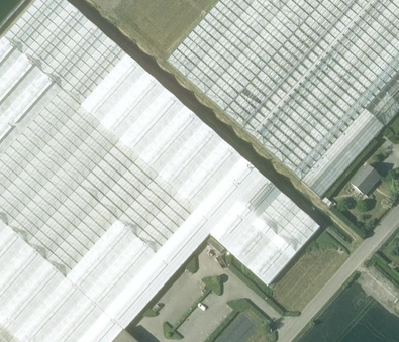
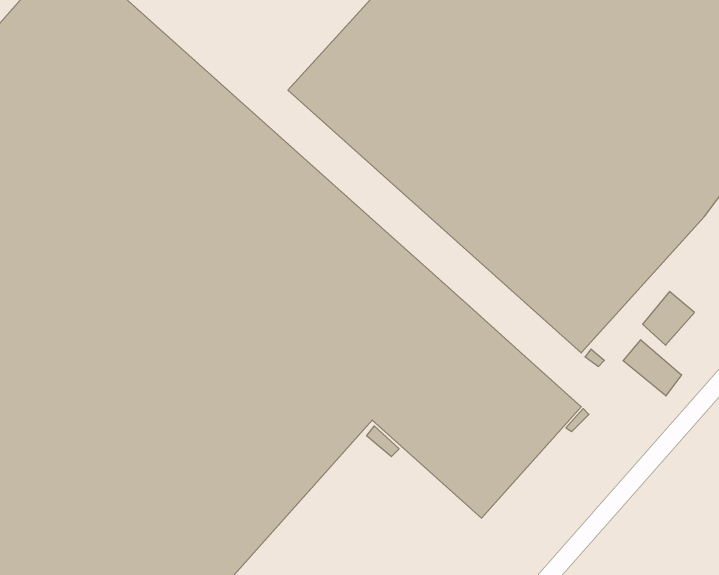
building: none -> [623,340,682,396]

